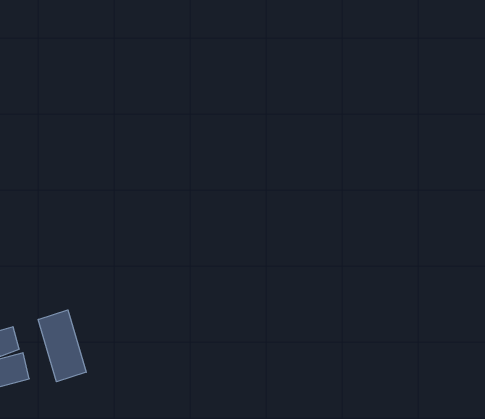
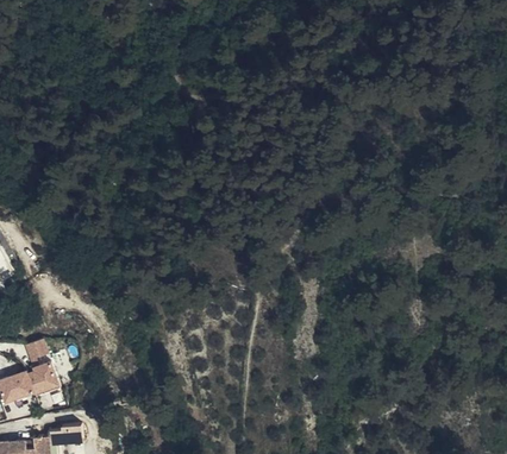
building: [38,310,86,382] -> none

